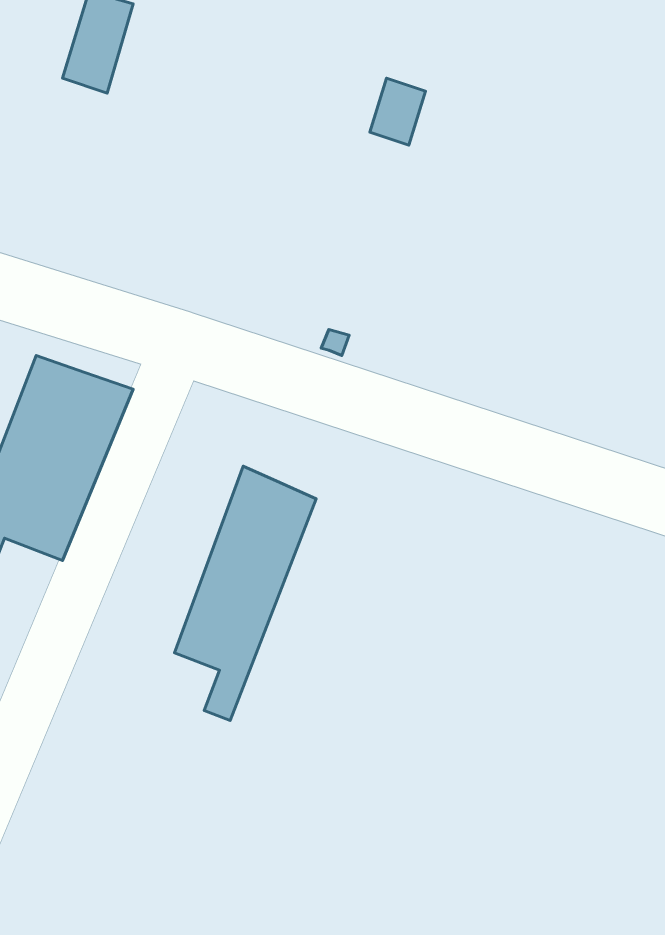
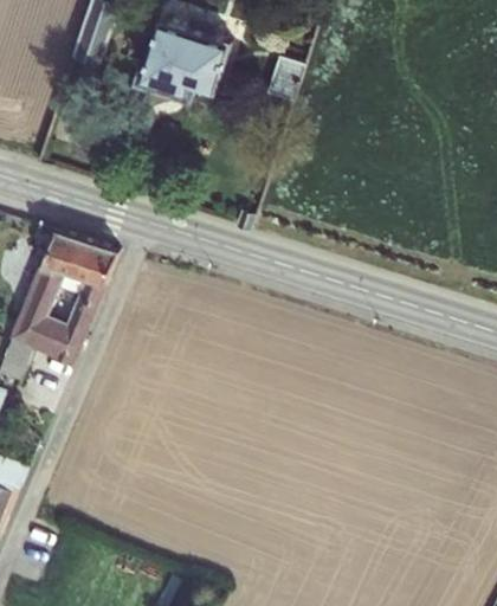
building: none -> [144,22,231,94]
building: [174,466,316,721] -> none

